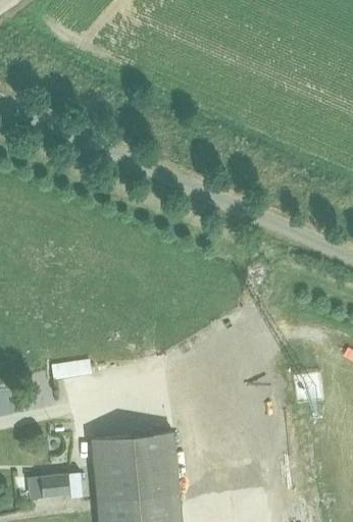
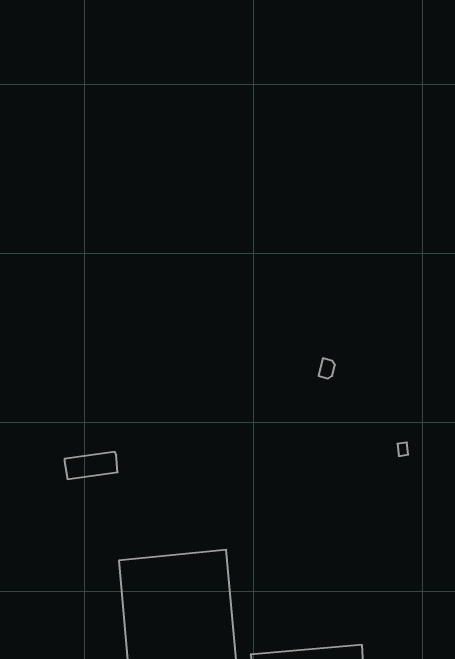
building: [39,474,82,500] -> none

